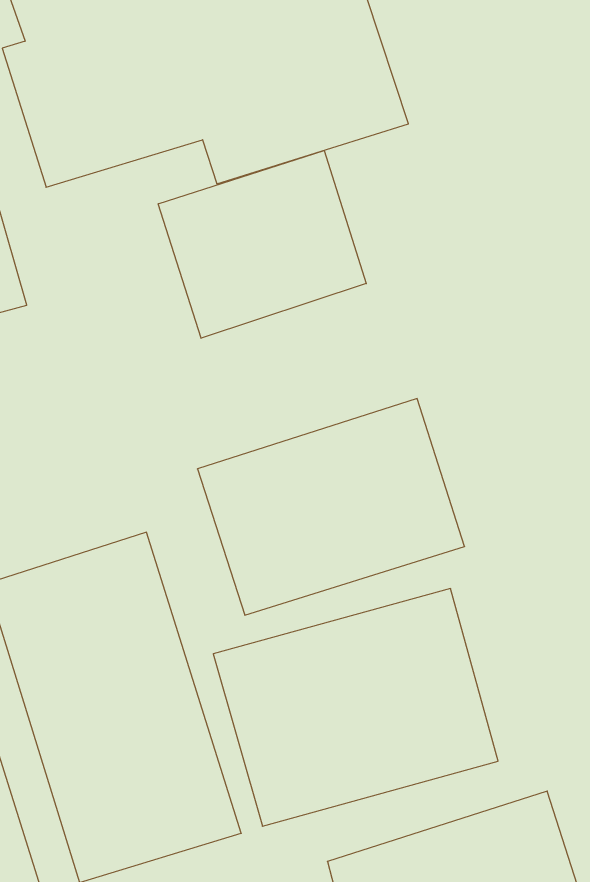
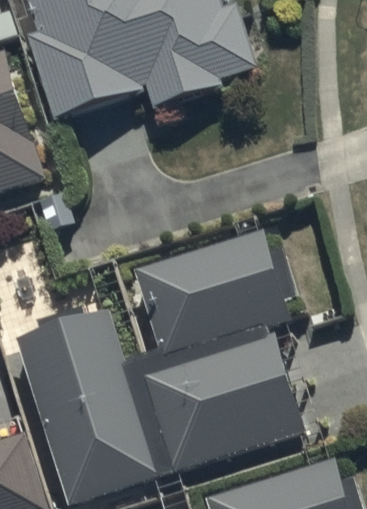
building: [158,151,366,338] -> none

